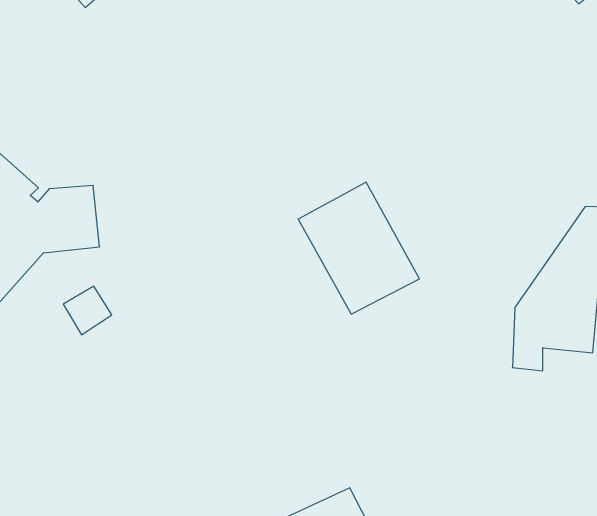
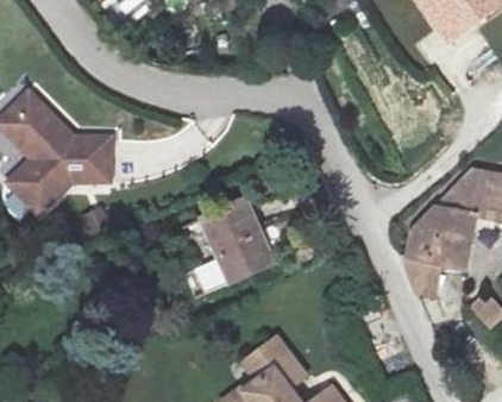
building: [298,182,419,314] -> [183,197,262,285]

